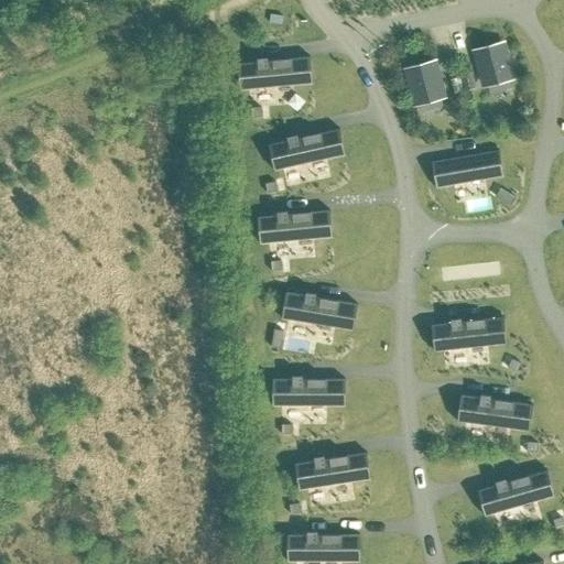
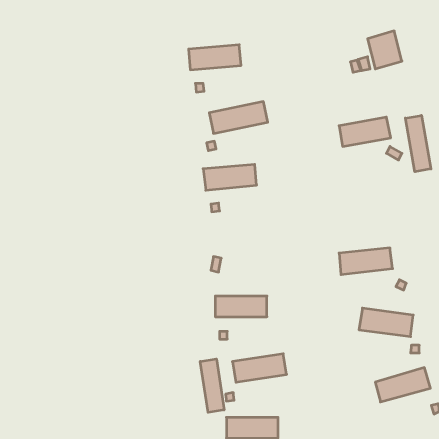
building: [402,59,446,108] -> none
building: none -> [405,115,431,172]
building: [284,293,354,330] -> none
building: none -> [200,359,224,412]

